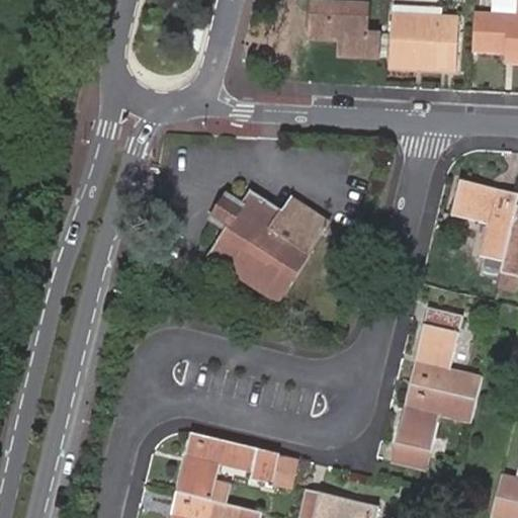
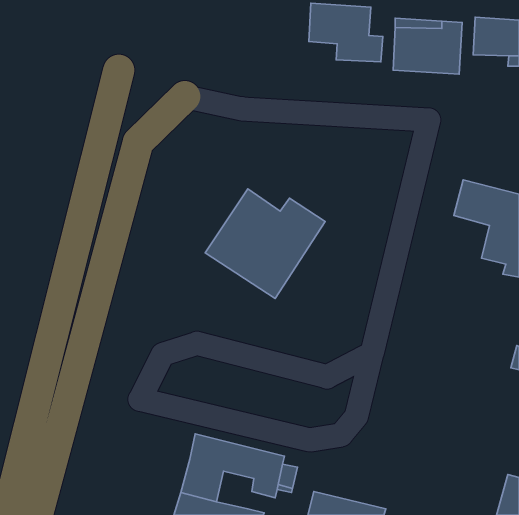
building: [388,309,481,468] -> none

